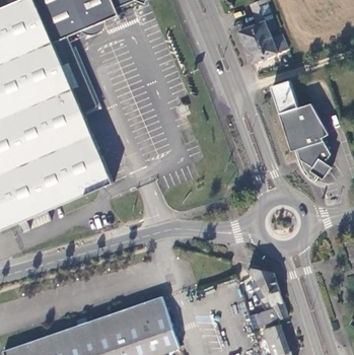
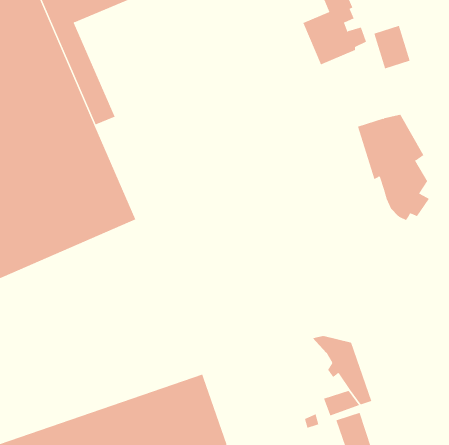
building: [270,79,297,112] -> [374,25,411,69]

